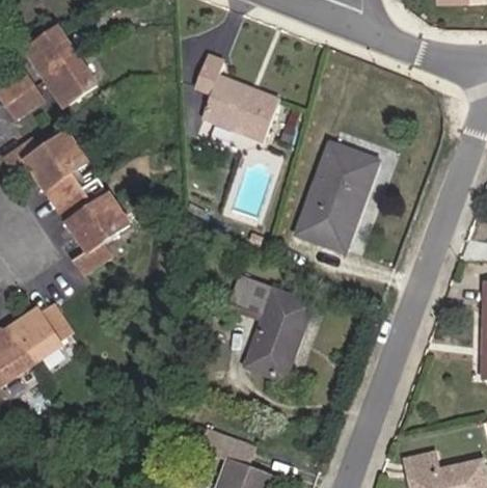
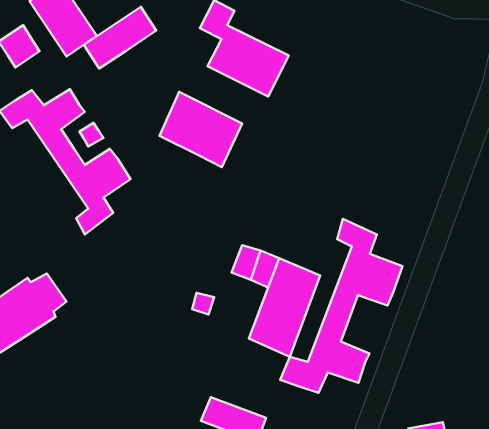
building: none -> [84,7,156,69]
building: none -> [160,92,242,167]
building: [295,153,380,257] -> none
building: none -> [280,219,402,393]

